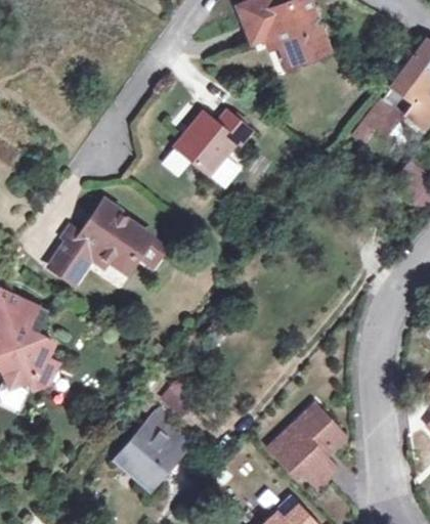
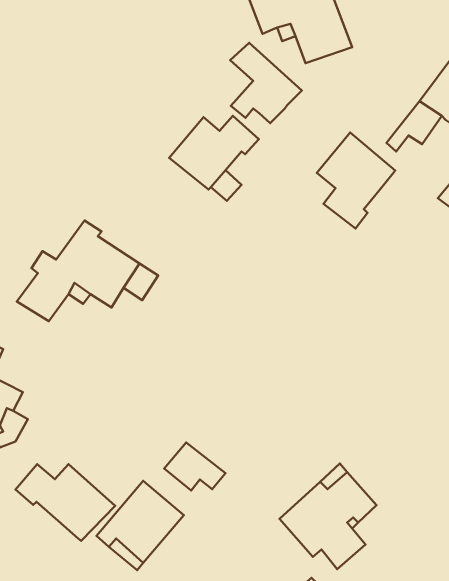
building: none -> [230,43,302,123]
building: none -> [317,132,395,229]
building: none -> [15,464,115,541]

